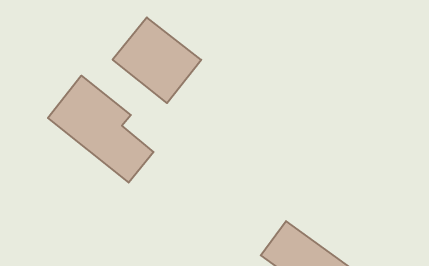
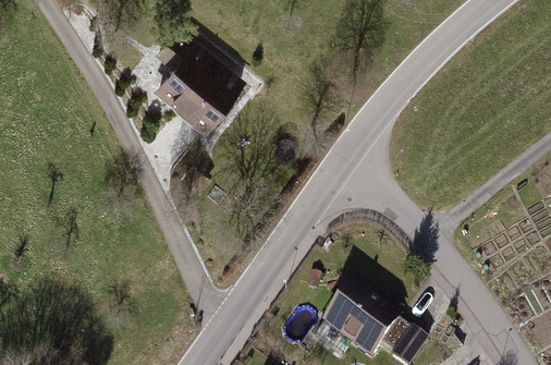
building: [48,76,154,183] -> none

